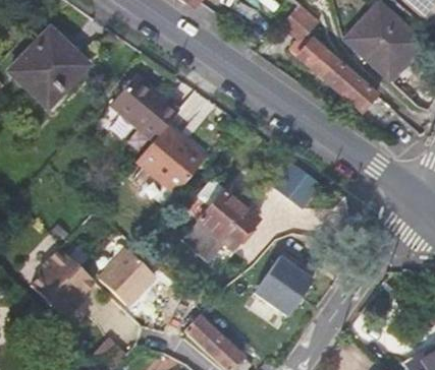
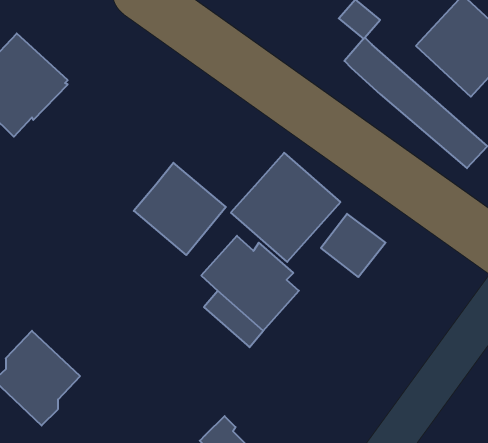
building: [109,74,178,141] -> none
building: none -> [231,153,340,262]
building: [100,251,155,306] -> none
building: [254,256,313,316] -> none

